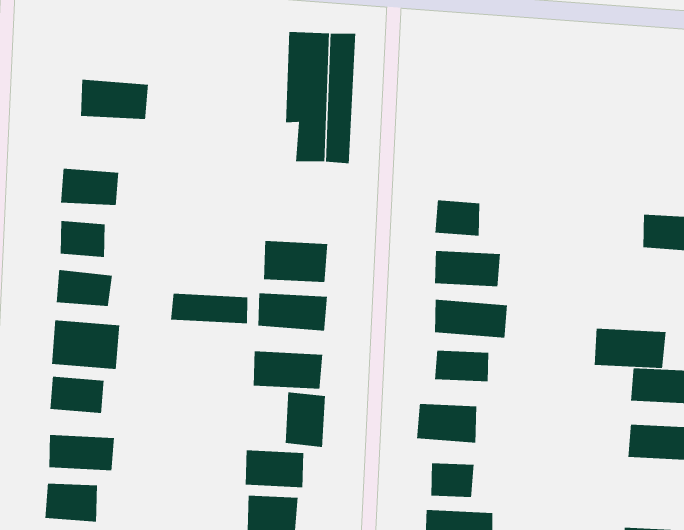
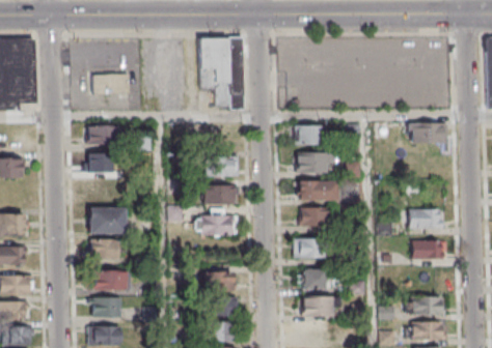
building: [170,293,248,324] -> none
building: [594,328,667,369] -> none
building: [285,391,326,448] -> none

